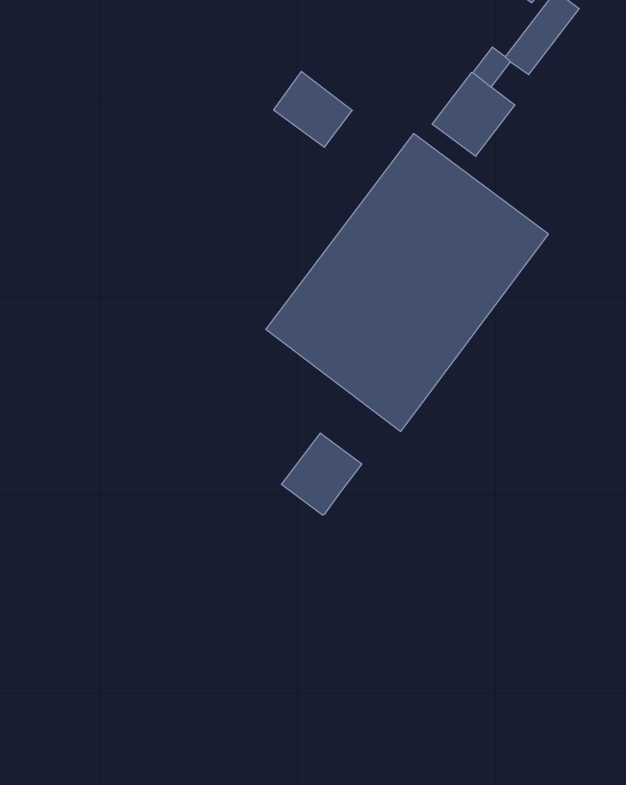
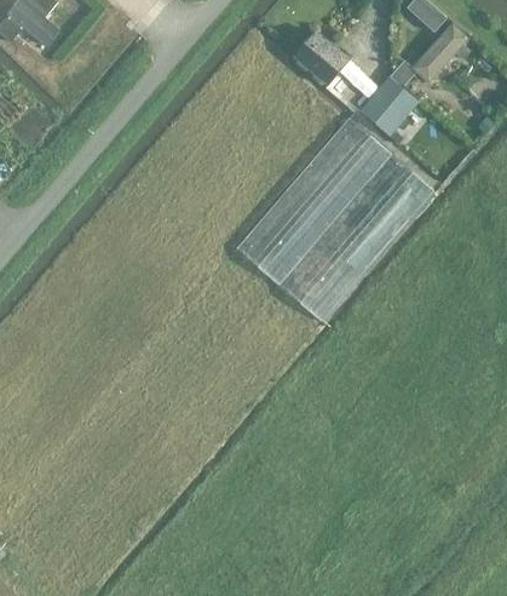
building: [274,72,352,147] -> [294,30,348,84]
building: [281,433,362,515] -> none

